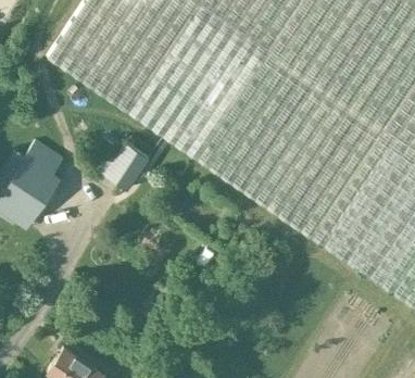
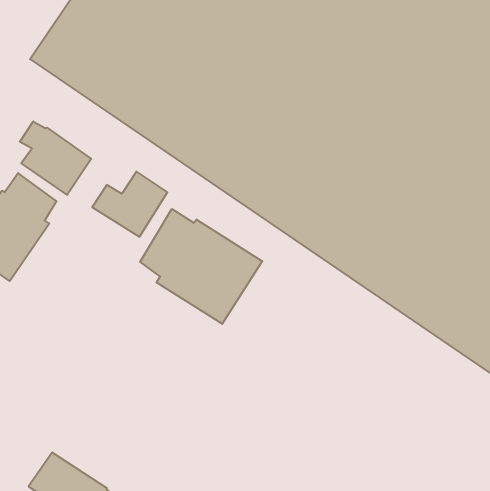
building: none -> [20,121,91,195]
building: none -> [140,209,262,324]

